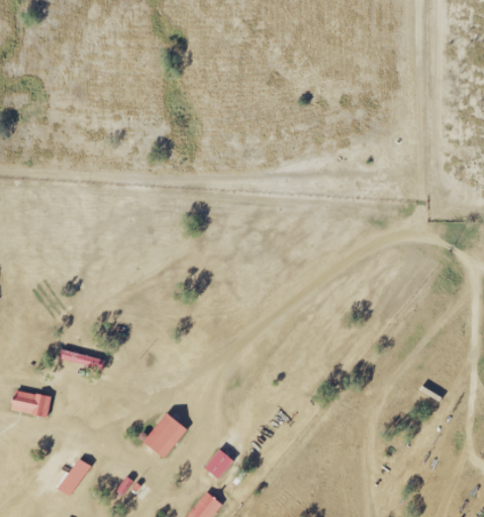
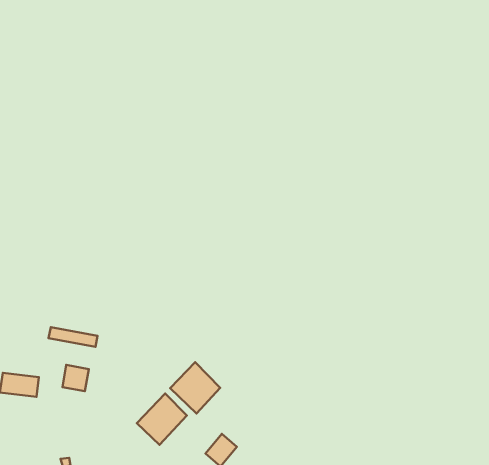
building: none -> [170,362,220,413]
building: none -> [62,365,89,391]

